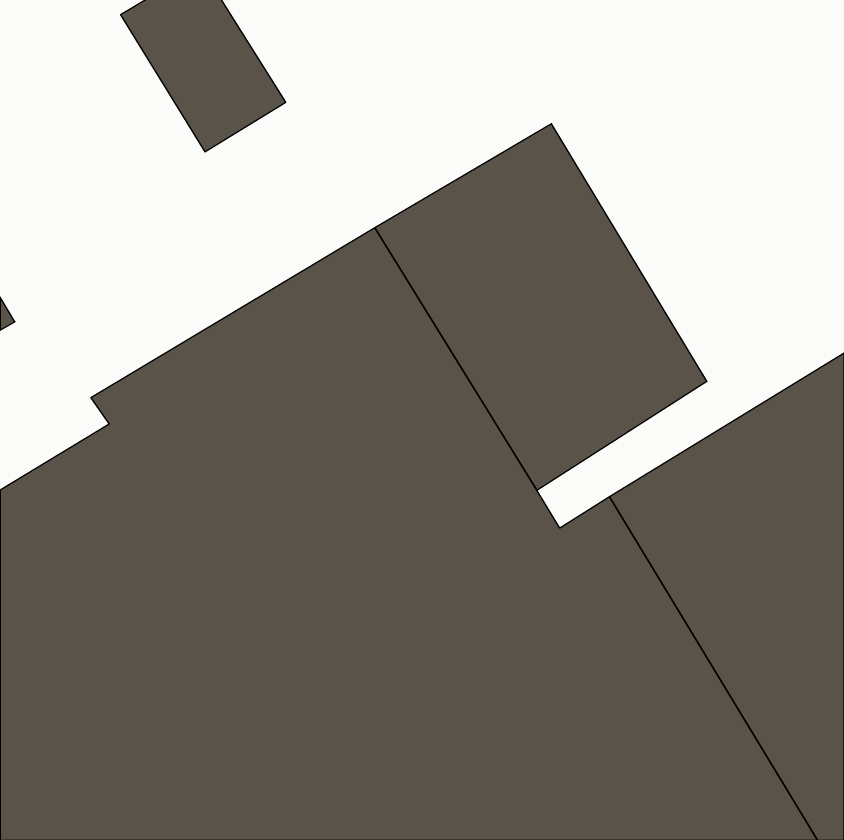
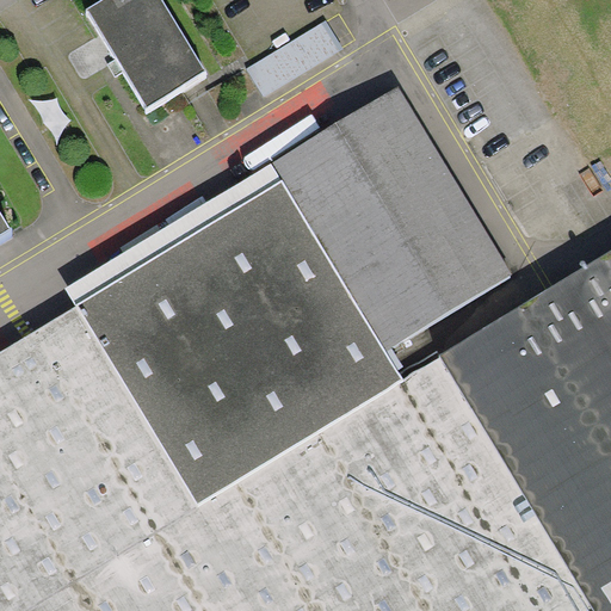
building: none -> [247,19,344,95]

